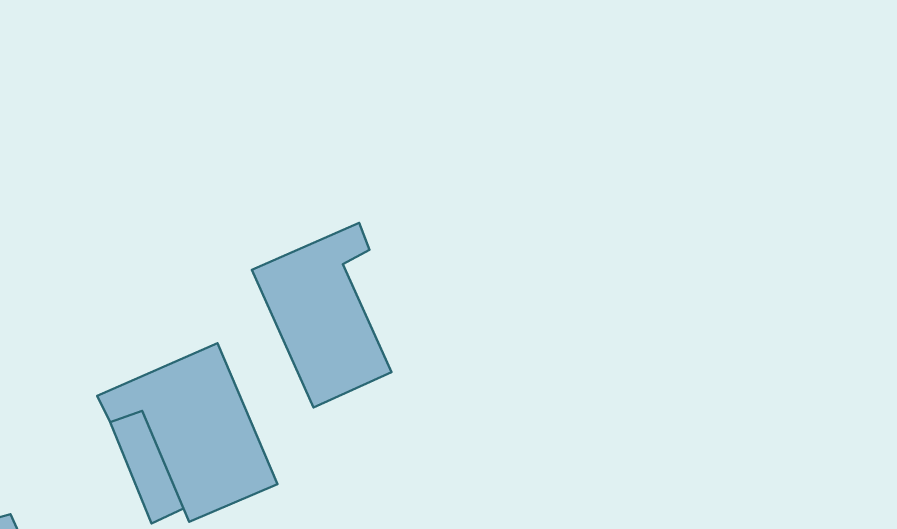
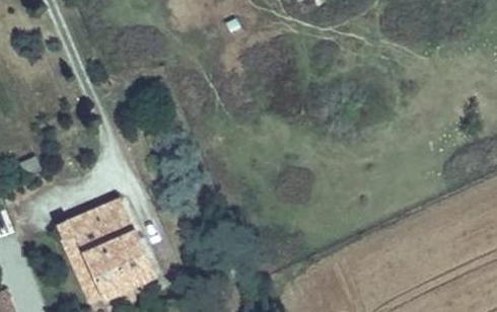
building: [252,223,392,407] -> none

